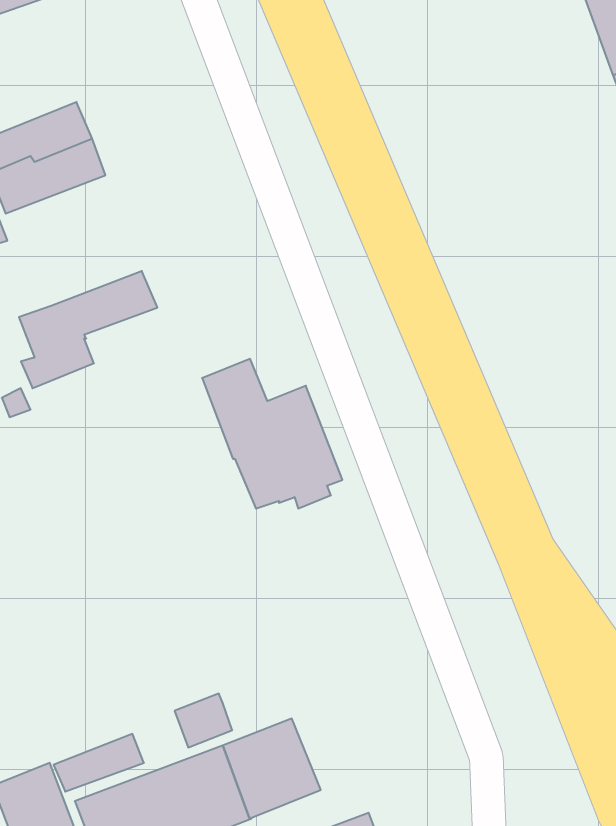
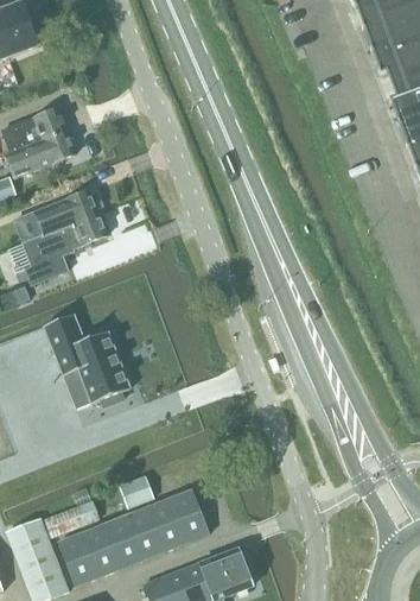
building: none -> [33,189,98,233]
building: [202,359,342,509] -> [44,312,131,405]

